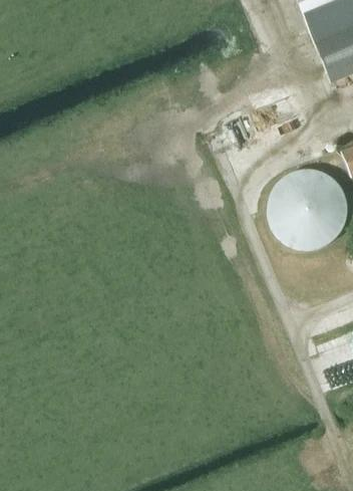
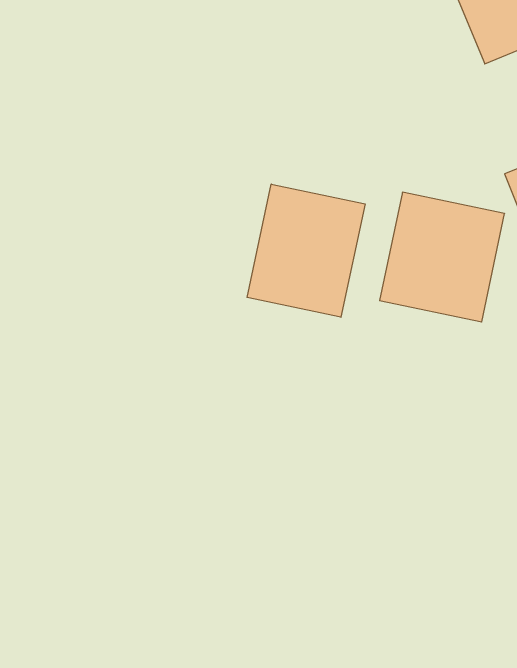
building: none -> [247,184,365,317]

